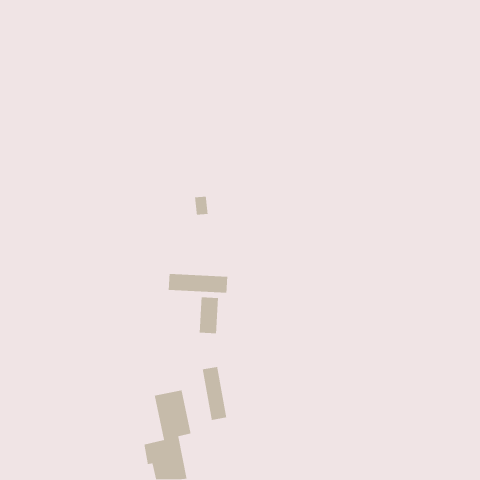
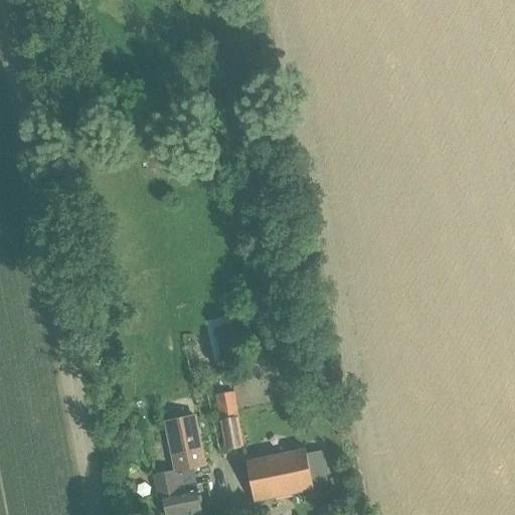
building: [168,273,228,294] -> none
building: none -> [245,449,328,501]

